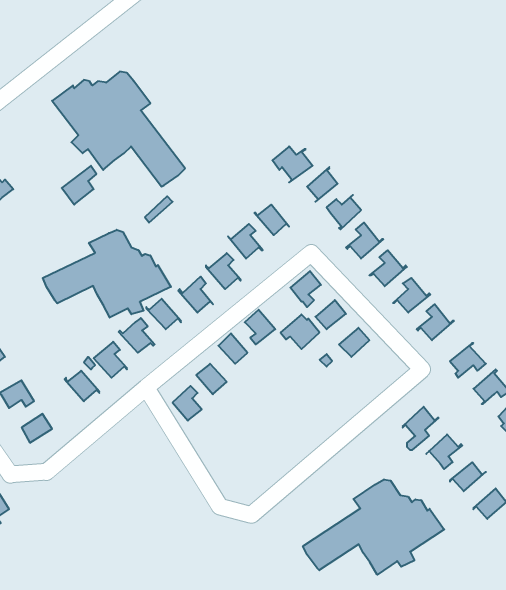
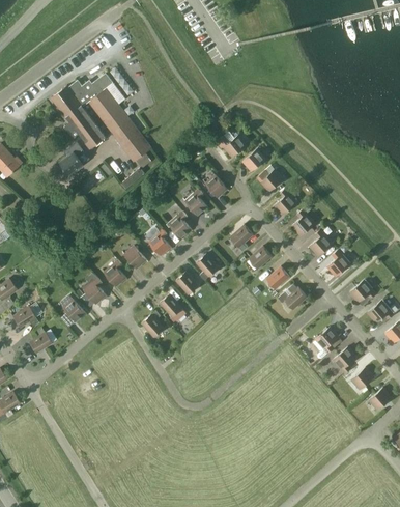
building: [43,230,171,318] -> none
building: [281,314,319,349] -> [278,284,307,310]
building: [303,479,444,575] -> none

